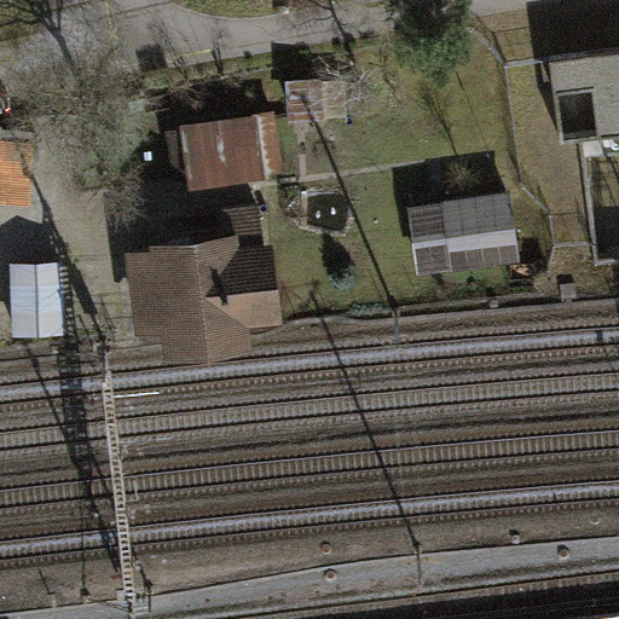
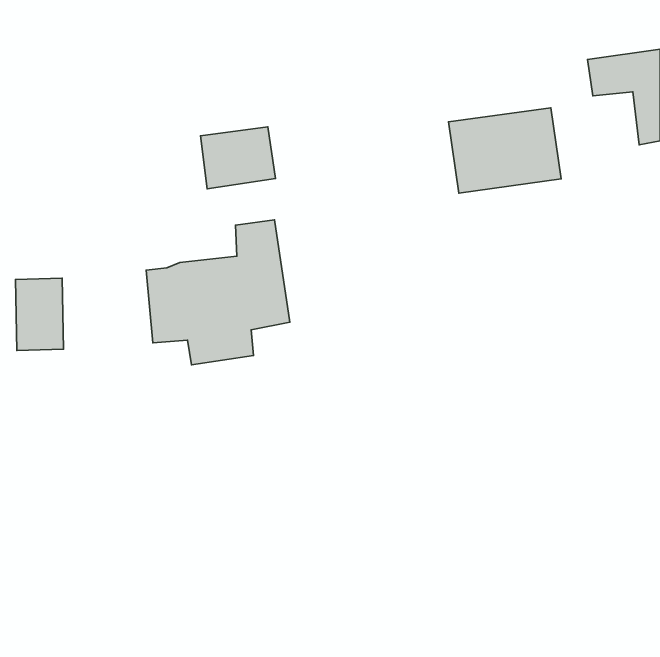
building: [411,195,516,274] -> [448,108,561,193]

